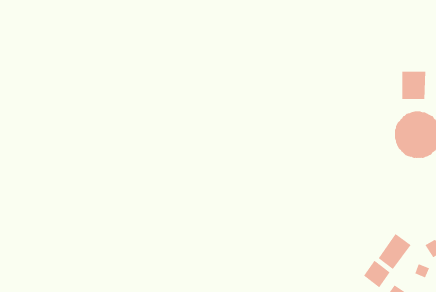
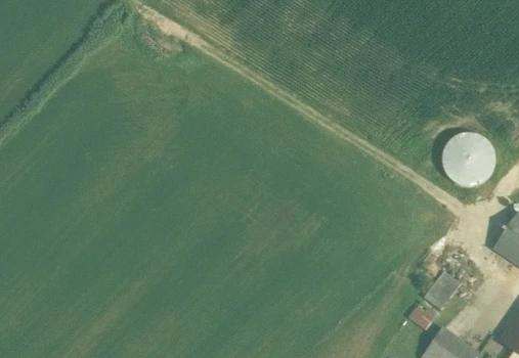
building: [402,71,426,100] -> none

